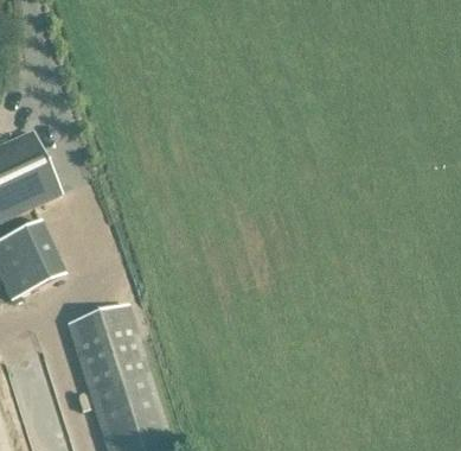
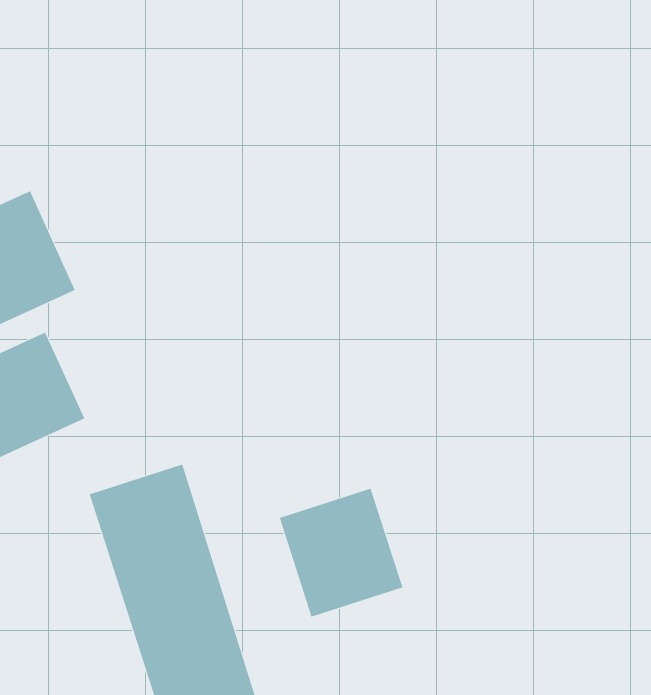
building: none -> [279,488,403,617]

